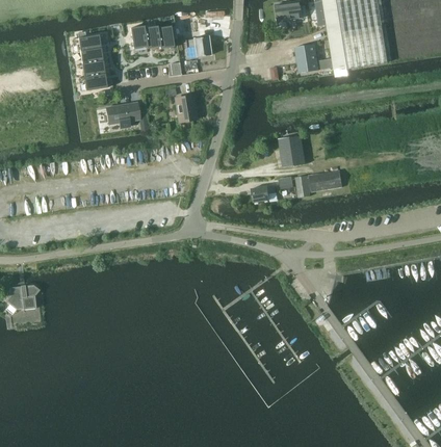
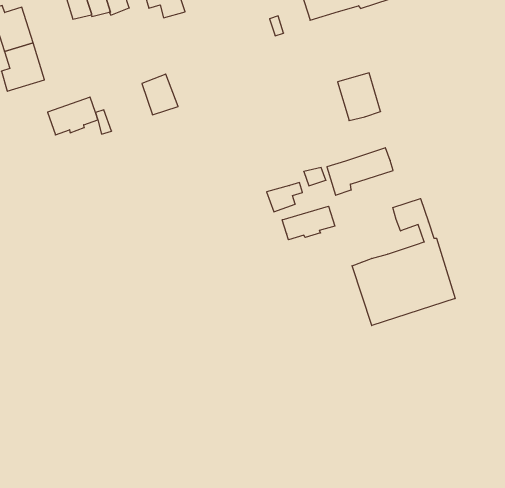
building: [279,134,306,165] -> [338,73,381,121]
building: none -> [282,206,335,240]
building: none -> [352,199,455,326]

